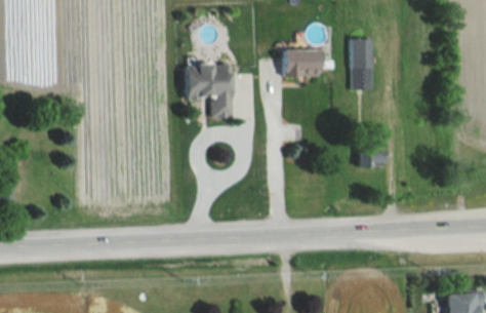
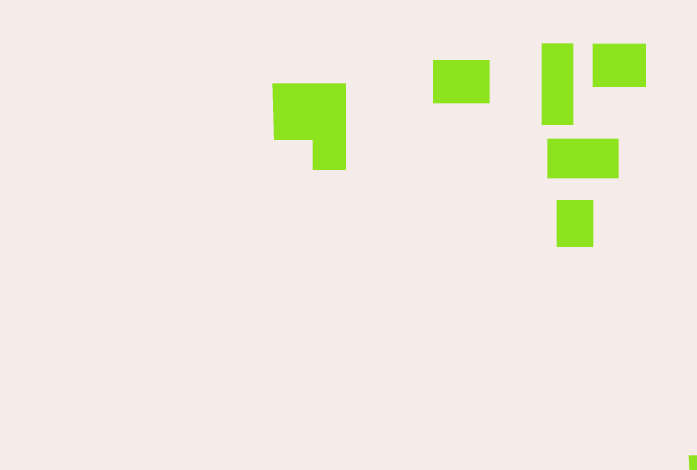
building: none -> [592,43,647,88]
building: none -> [547,138,619,179]

